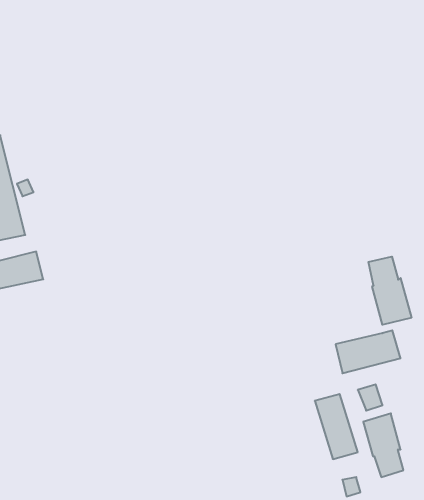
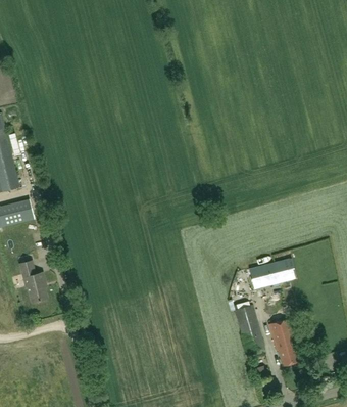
building: [368,257,411,325] -> none
building: none -> [18,261,46,303]

